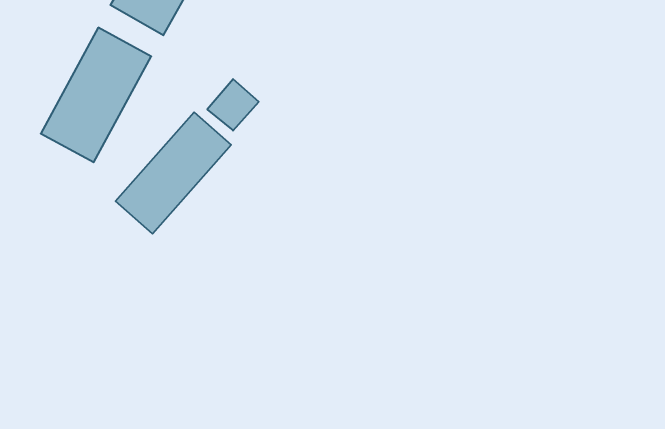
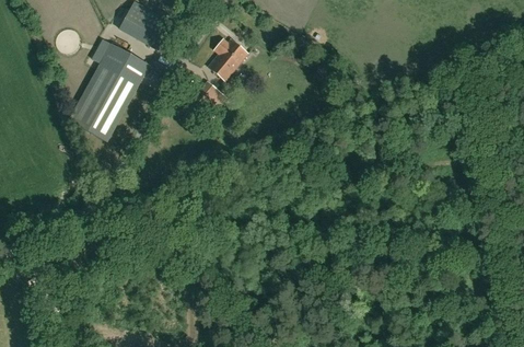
building: none -> [207,38,247,80]
building: [116,112,231,234] -> none

